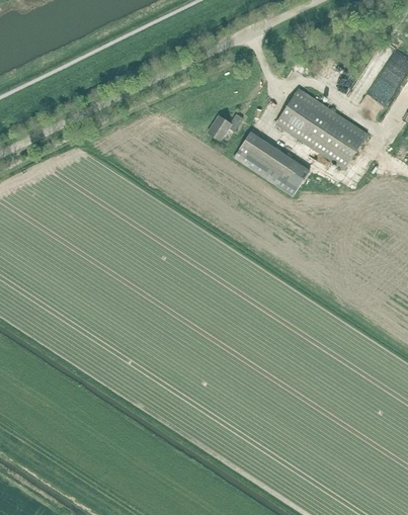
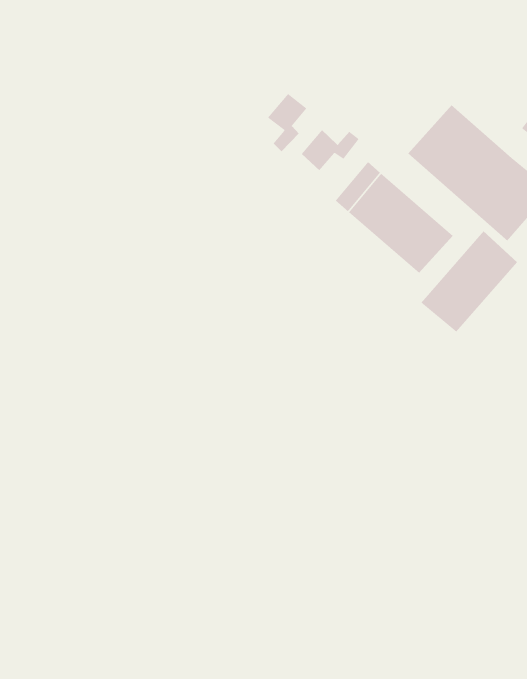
building: none -> [267,93,307,152]
building: none -> [421,231,518,333]

